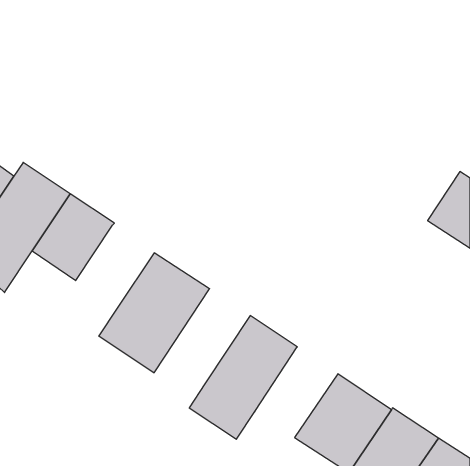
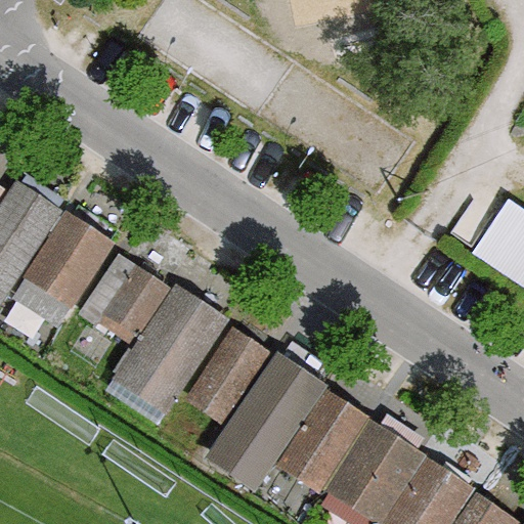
building: none -> [84,256,171,348]
building: none -> [182,326,277,432]
building: none -> [282,391,375,491]

